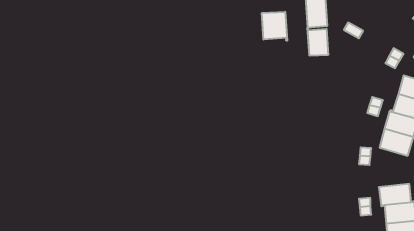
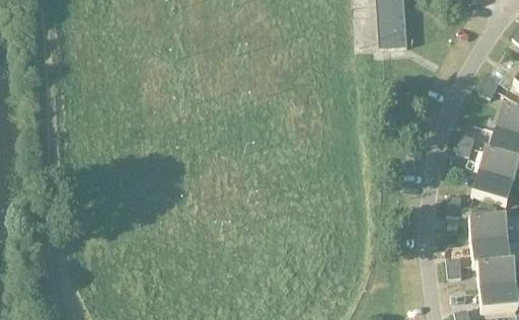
building: [262,12,287,41] -> none
building: [307,27,328,56] -> none
building: none -> [469,216,509,243]

